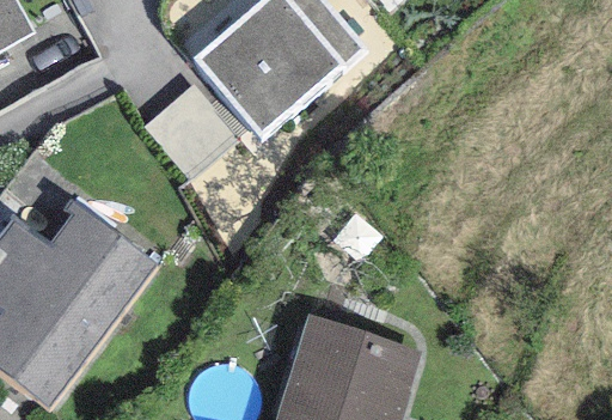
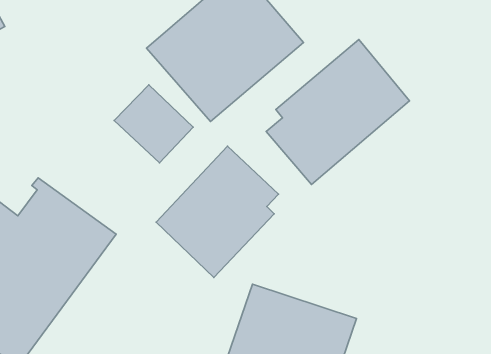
building: none -> [266,40,410,185]
building: none -> [156,146,278,277]

